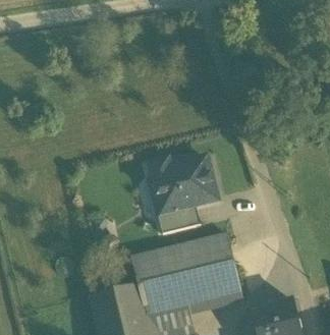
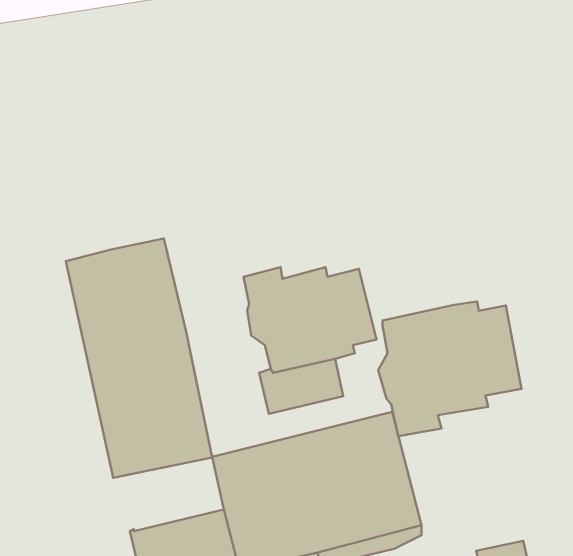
building: none -> [66,239,212,478]
building: none -> [378,302,522,436]

